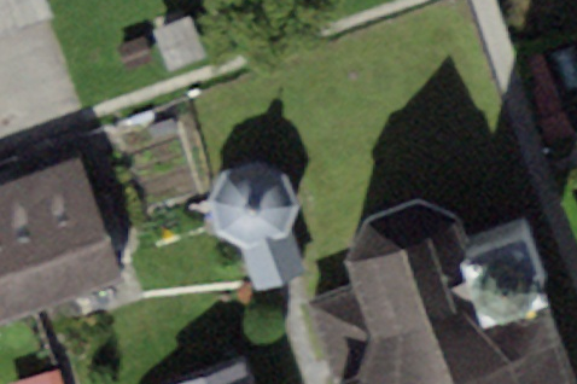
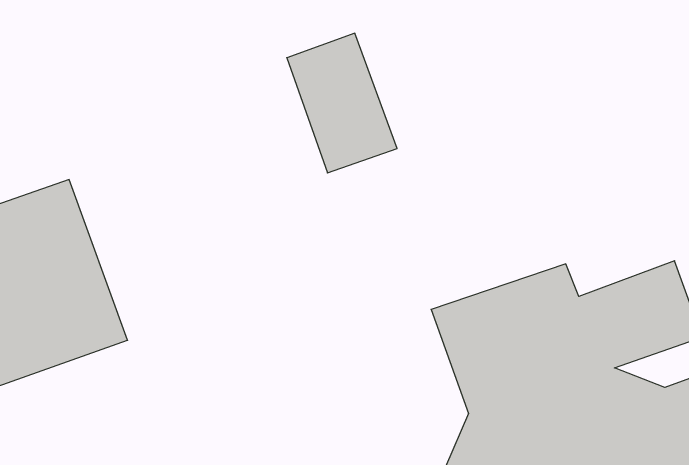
building: [223,175,305,279] -> [287,33,397,173]

